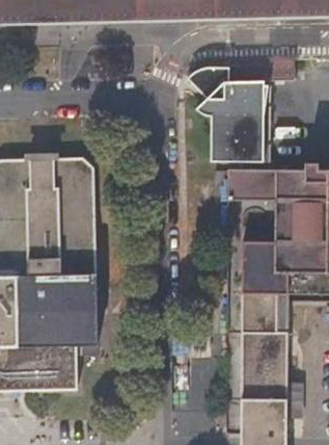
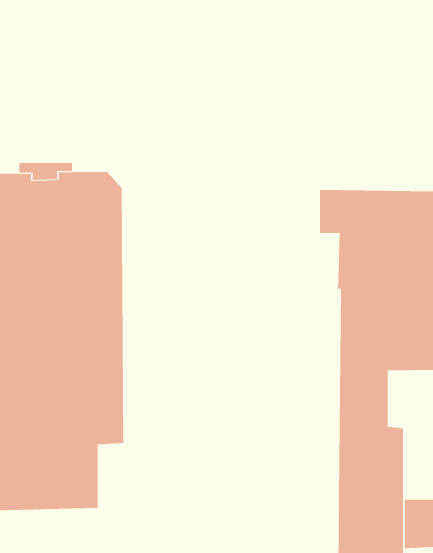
building: [186,58,294,162] -> none

